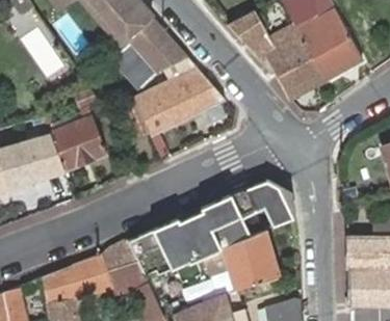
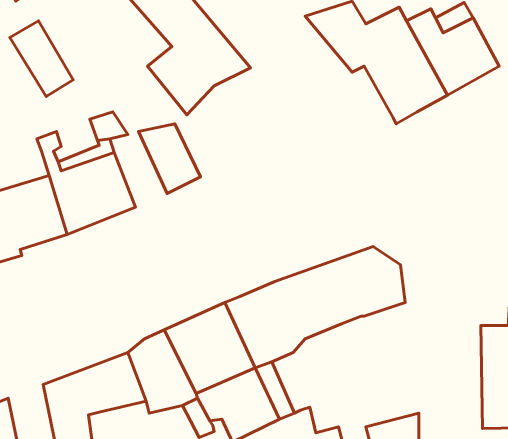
building: [137,65,228,133] -> none
building: [225,230,280,290] -> none

